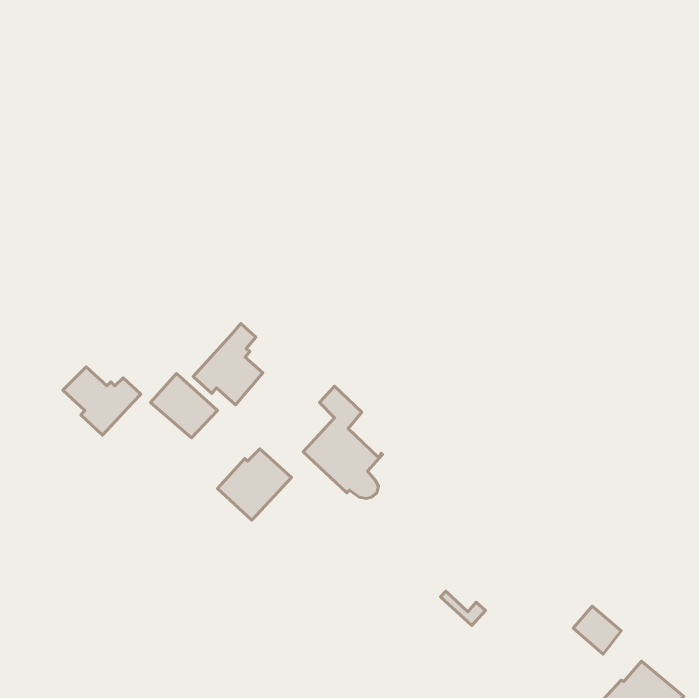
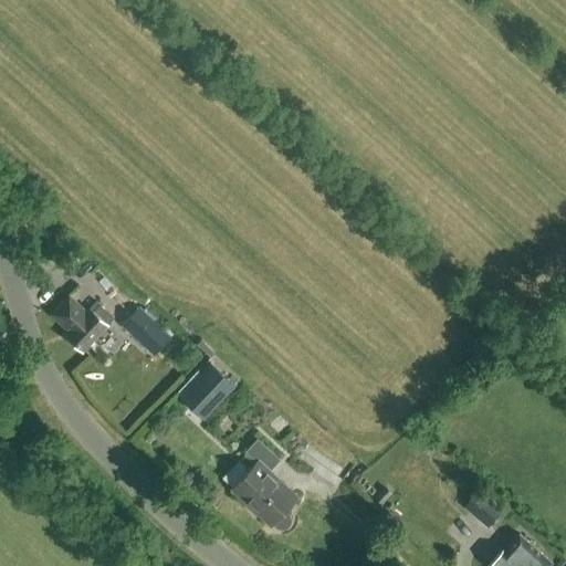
building: [193,324,263,405] -> none
building: [303,386,382,498] -> [232,440,296,531]

